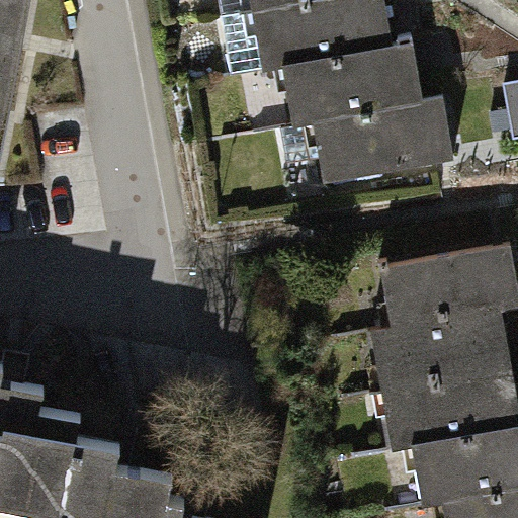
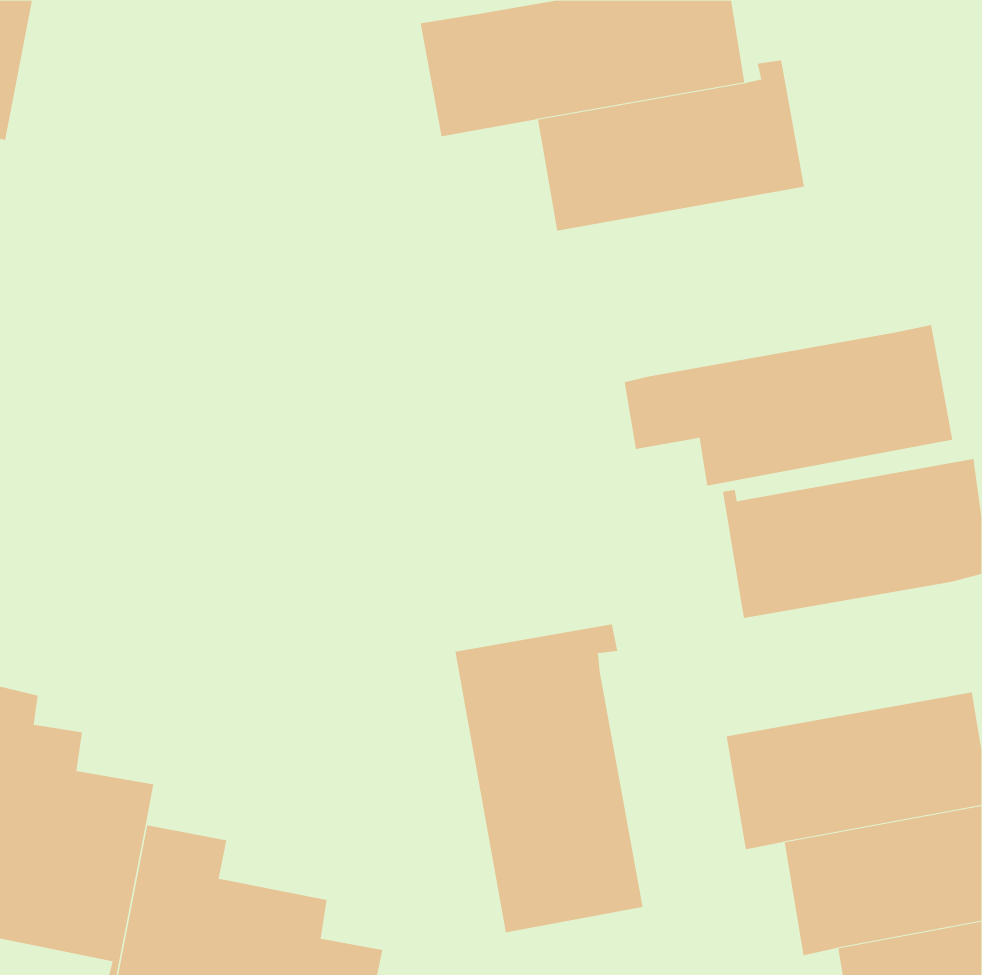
building: [280,99,453,184] -> [624,324,953,486]
building: [370,311,511,392] -> none
building: none -> [455,623,643,933]

